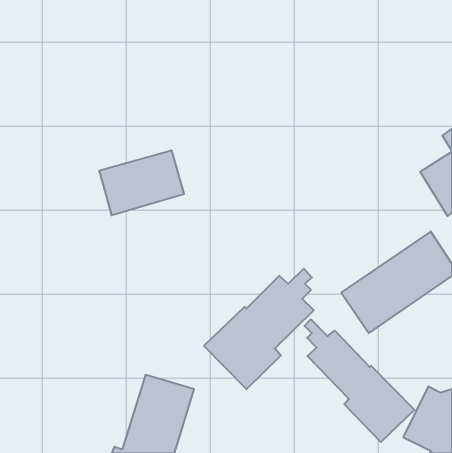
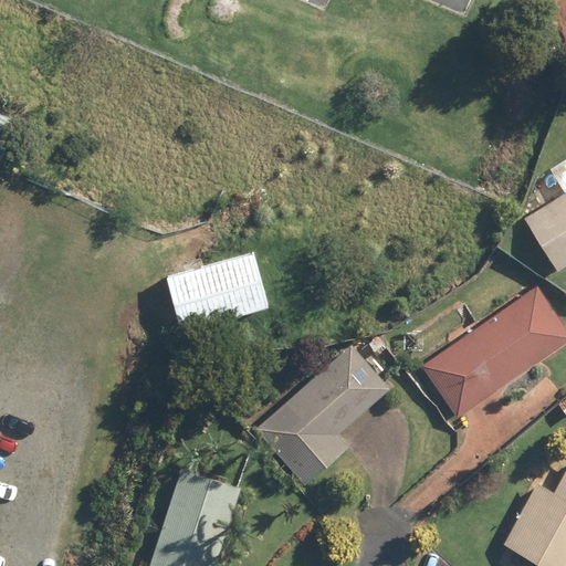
building: [99,150,184,215] -> [165,252,271,333]
building: [304,319,414,442] -> none

